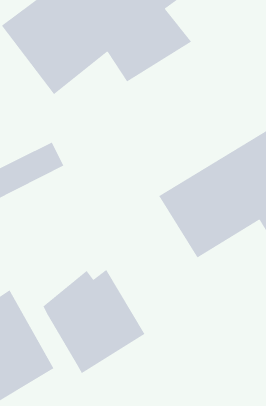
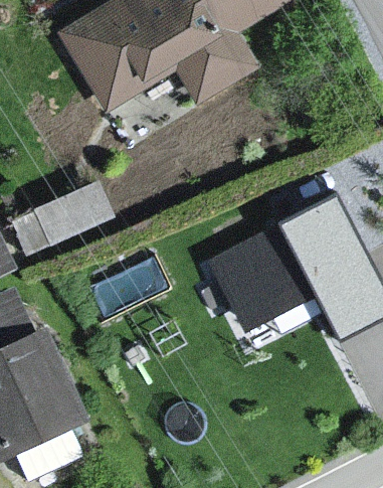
building: [42,269,146,374] -> none

